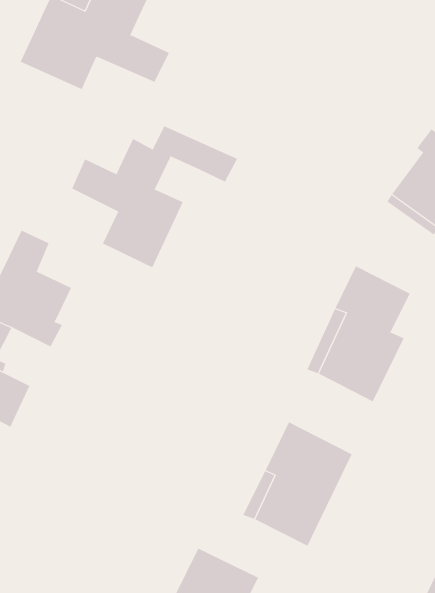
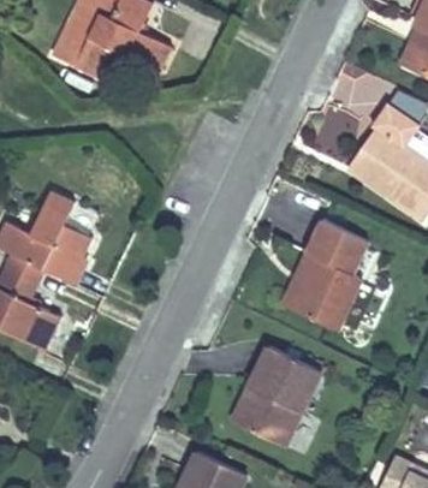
building: [72,126,238,268] -> none

